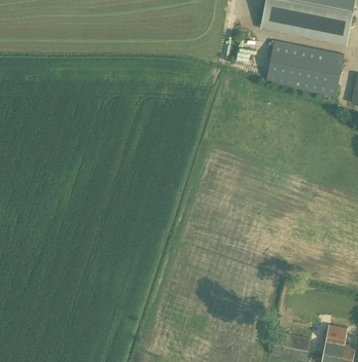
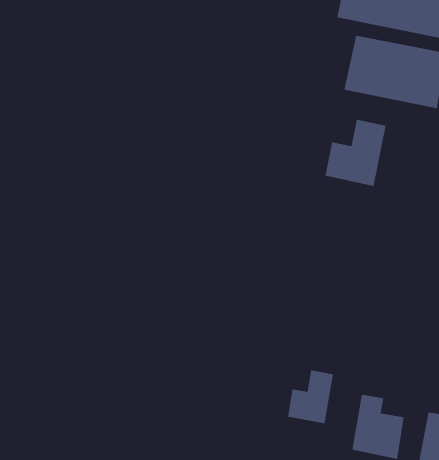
building: none -> [325,119,386,187]
building: none -> [287,370,333,424]

